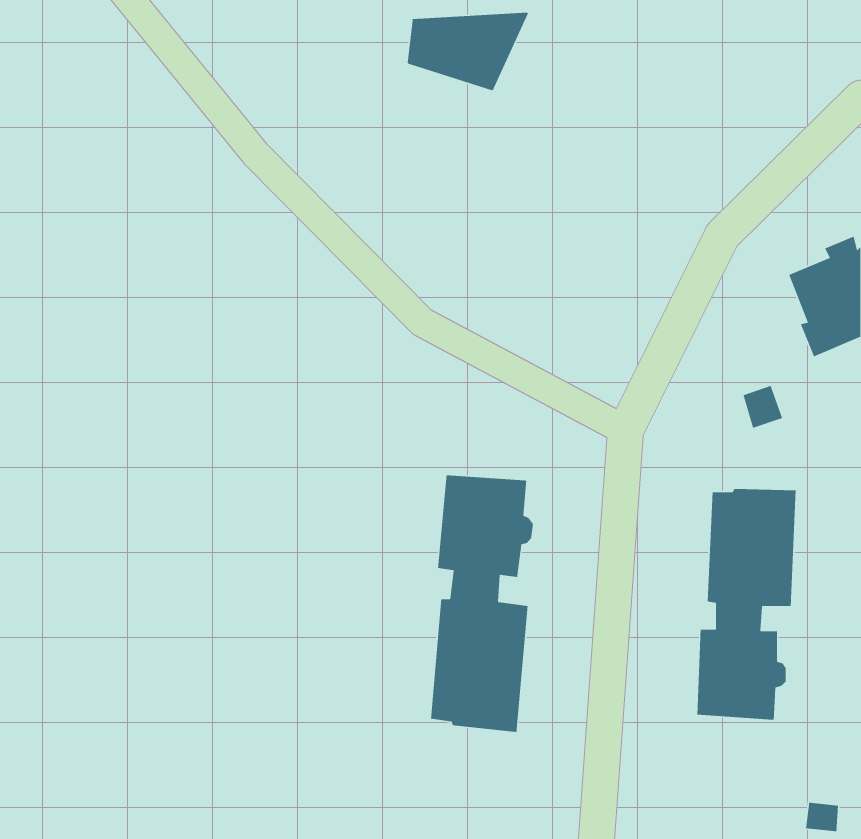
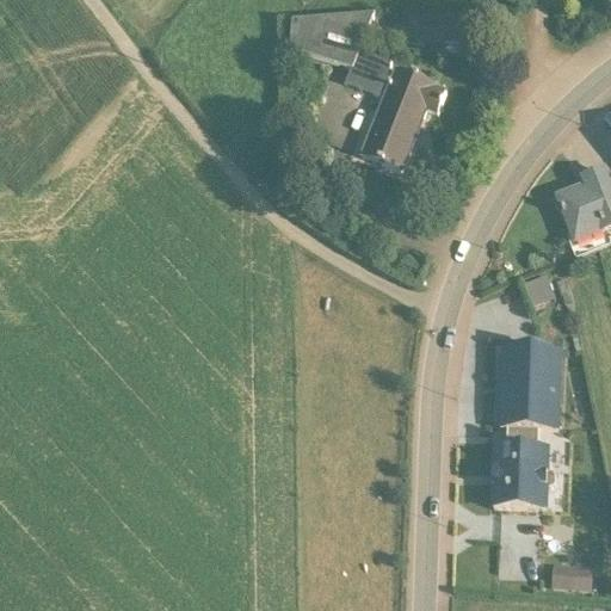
building: none -> [344,44,443,168]
building: [430,474,534,733] -> none

